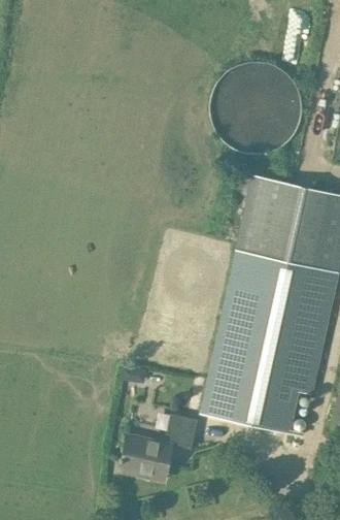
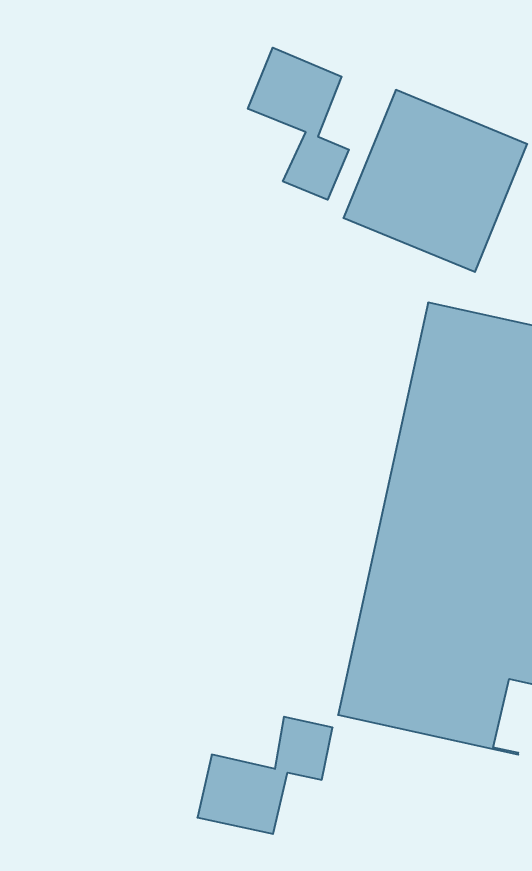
building: none -> [248,48,349,200]

